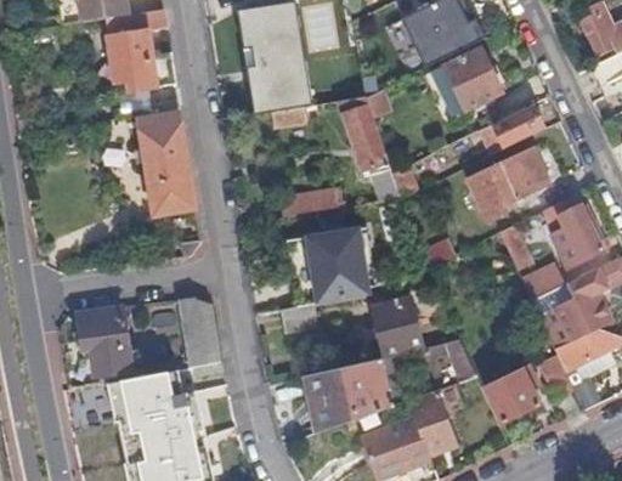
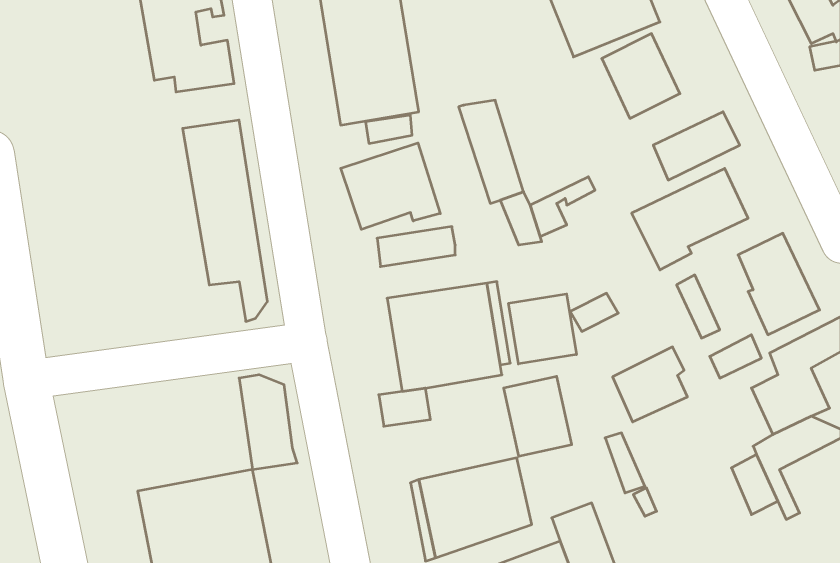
building: none -> [341,143,440,229]
building: none -> [509,294,576,364]
building: [77,307,138,377] -> none
building: [485,368,539,423] -> [613,347,687,422]

